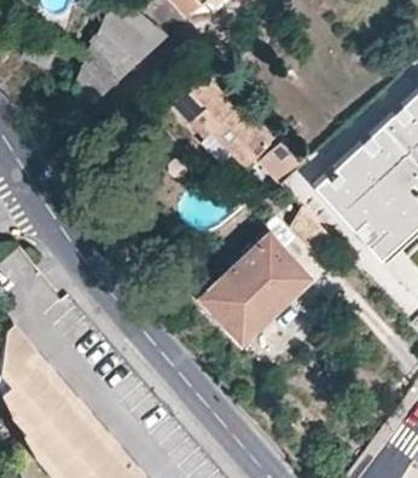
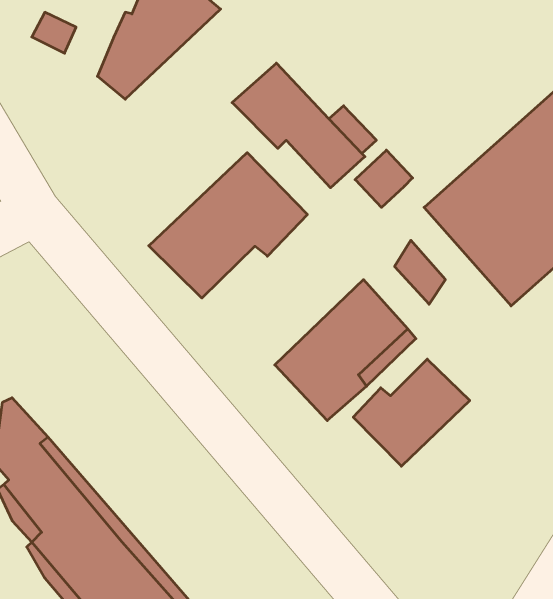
building: none -> [149,153,307,298]
building: none -> [353,359,470,466]

